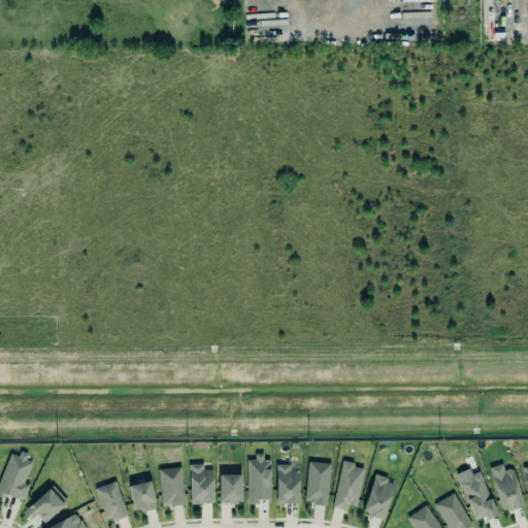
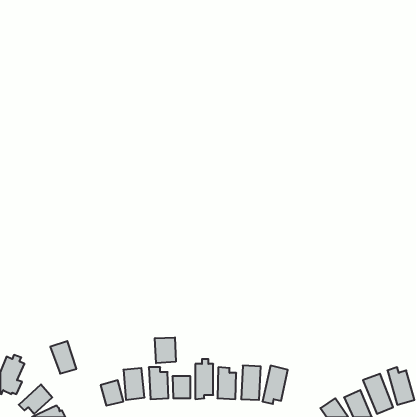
building: none -> [155,337,176,363]
building: [362,472,394,518] -> none
building: [96,481,129,522] -> [50,341,76,374]

